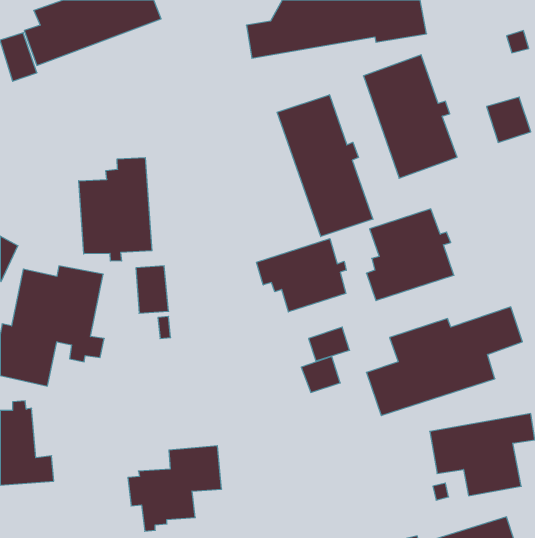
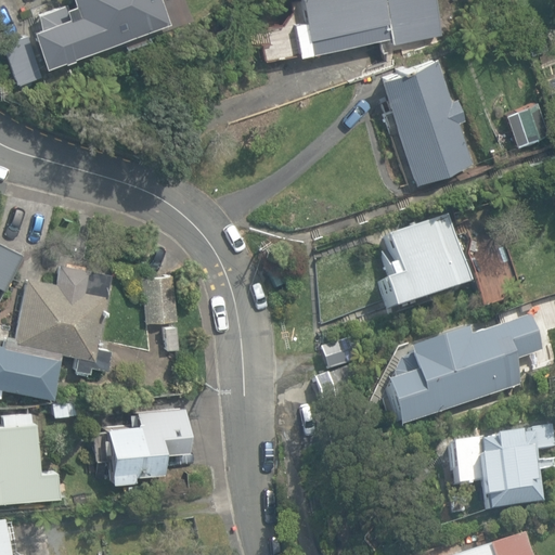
building: [277,95,373,237] -> none
building: [79,158,152,261] -> none
building: [257,239,346,312] -> none
building: [128,446,222,531] -> [92,398,189,486]

